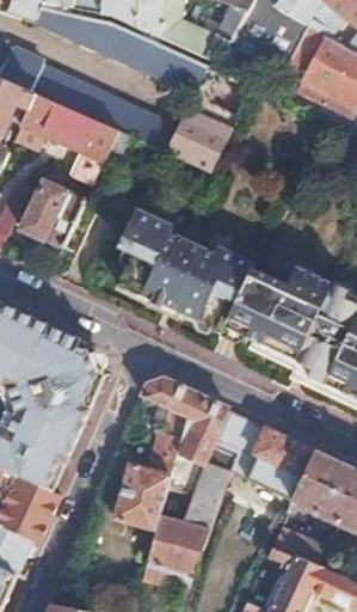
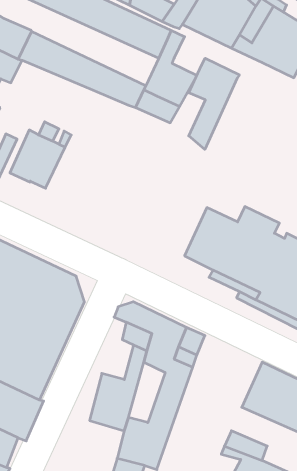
building: none -> [189,58,239,149]
building: [14,97,117,173] -> none
building: [115,210,252,336] -> none
building: [247,426,315,502] -> none

